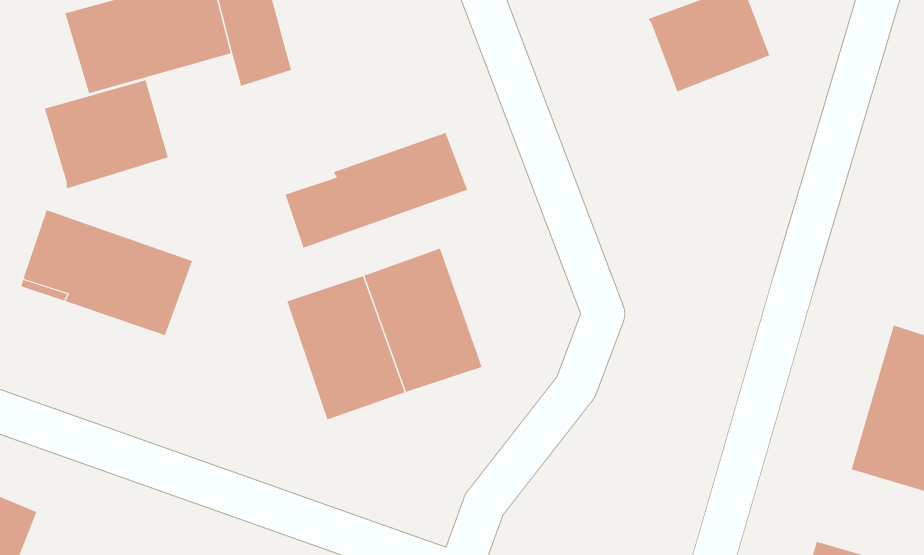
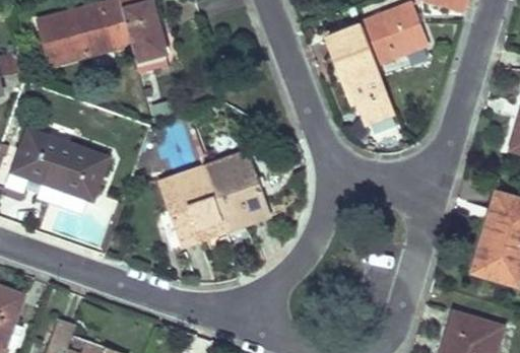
building: none -> [328,26,395,123]
building: [44,79,168,189] -> none
building: [285,132,468,248] -> none

